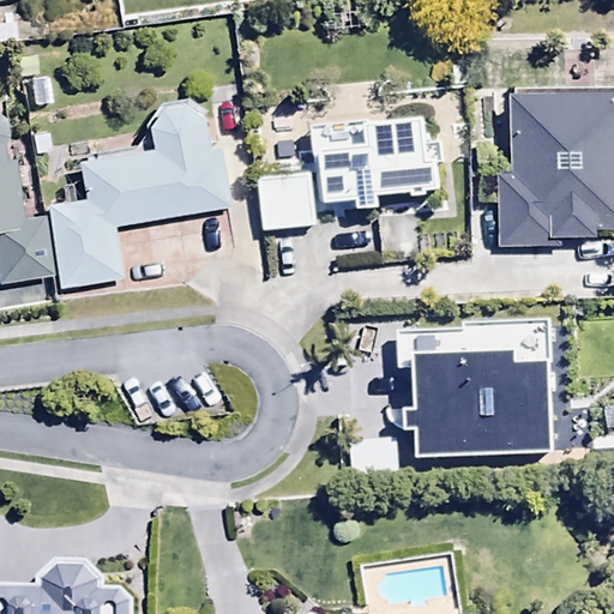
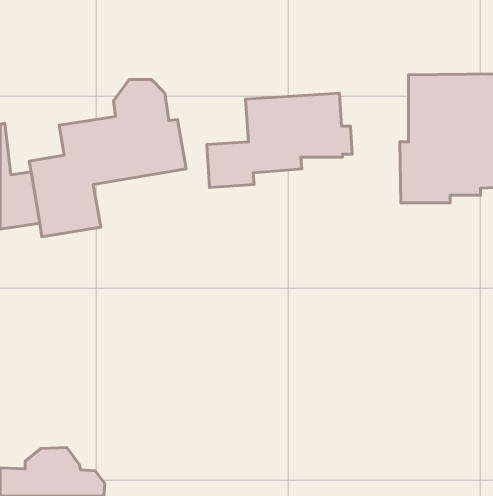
building: [396,315,554,455] -> none

